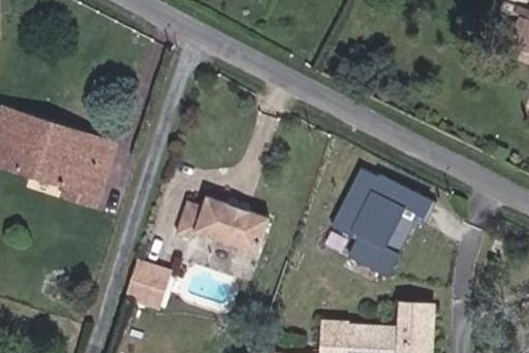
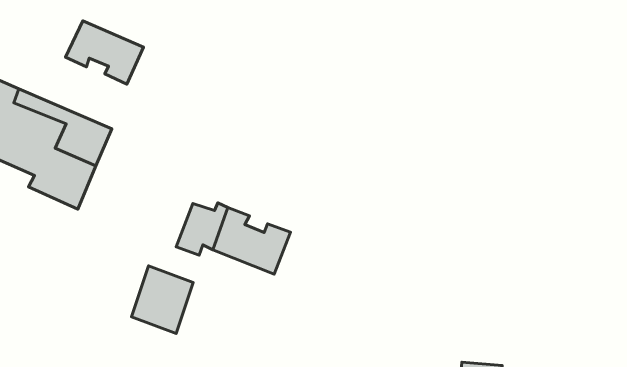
building: none -> [65,21,143,84]
building: [338,156,441,268] -> none

